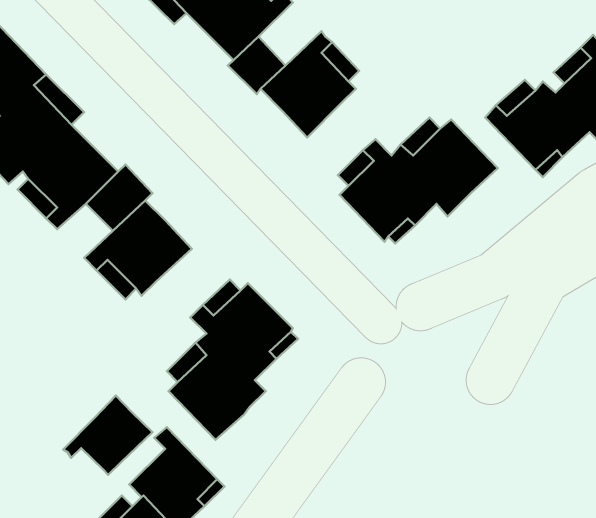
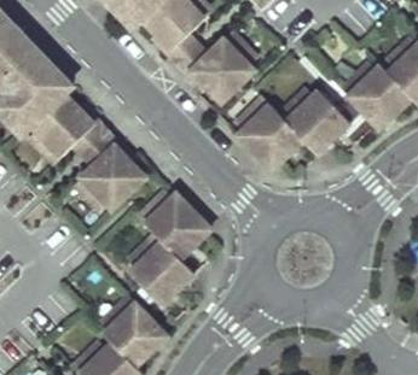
building: [63,396,152,475] -> none

